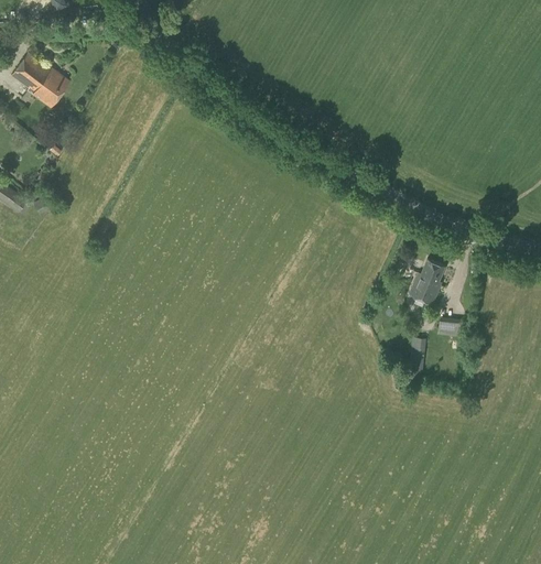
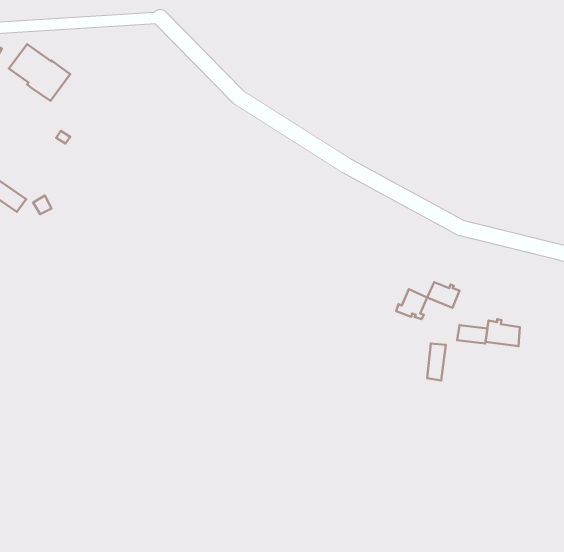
building: [415,259,445,288] -> [396,289,427,319]
building: none -> [486,319,520,346]

